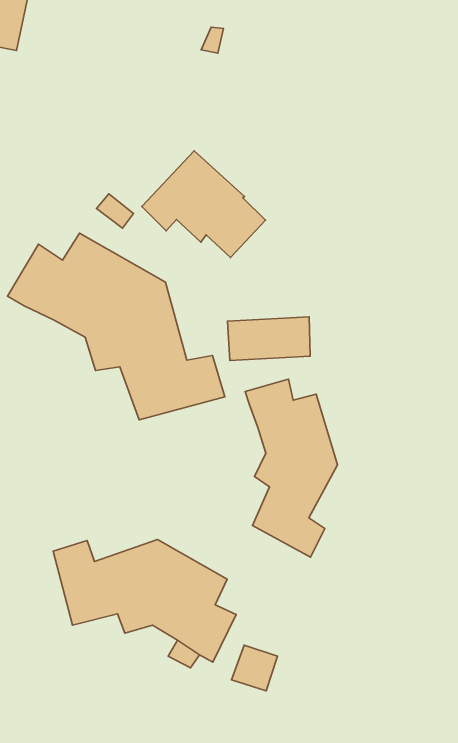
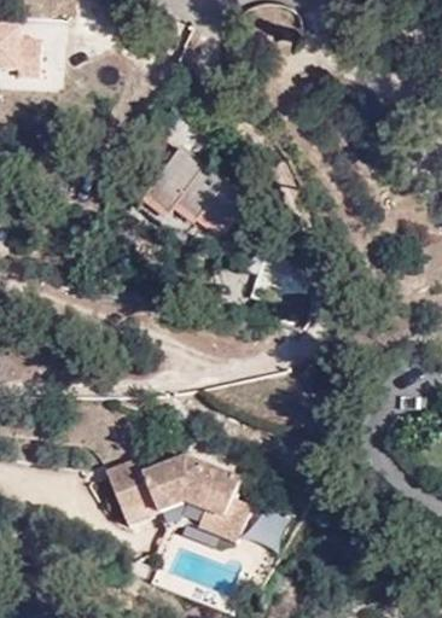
building: [8,233,225,420] -> none
building: [245,379,337,557] -> none

